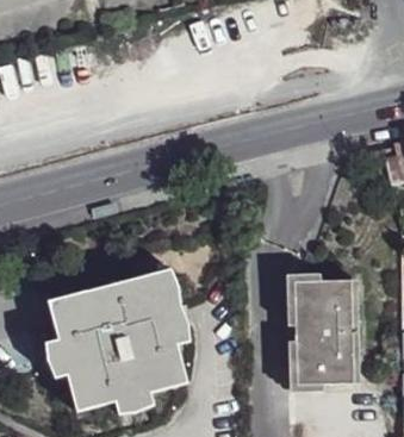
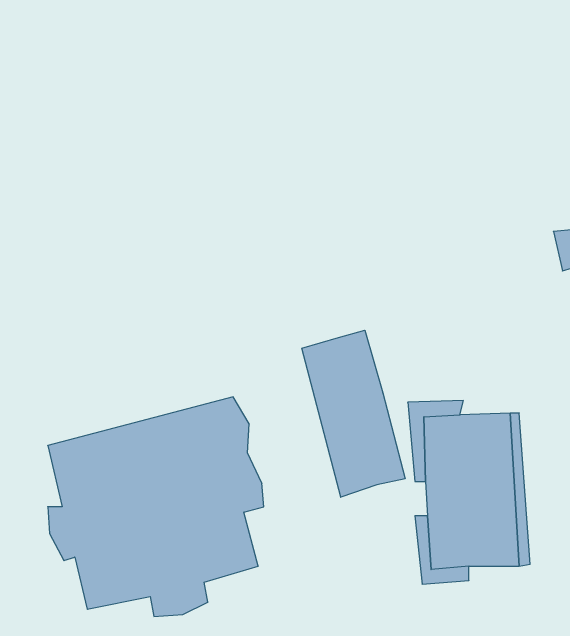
building: none -> [302,330,405,497]

